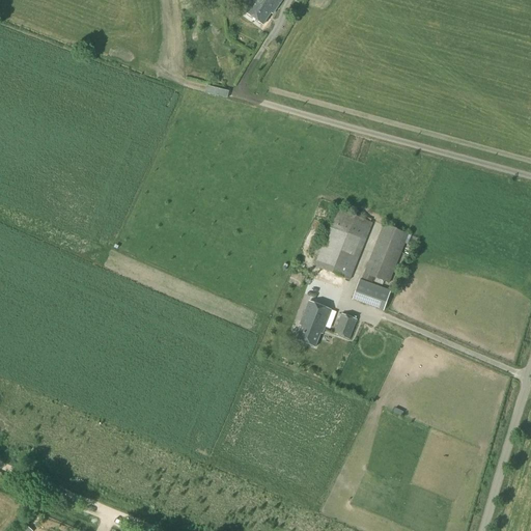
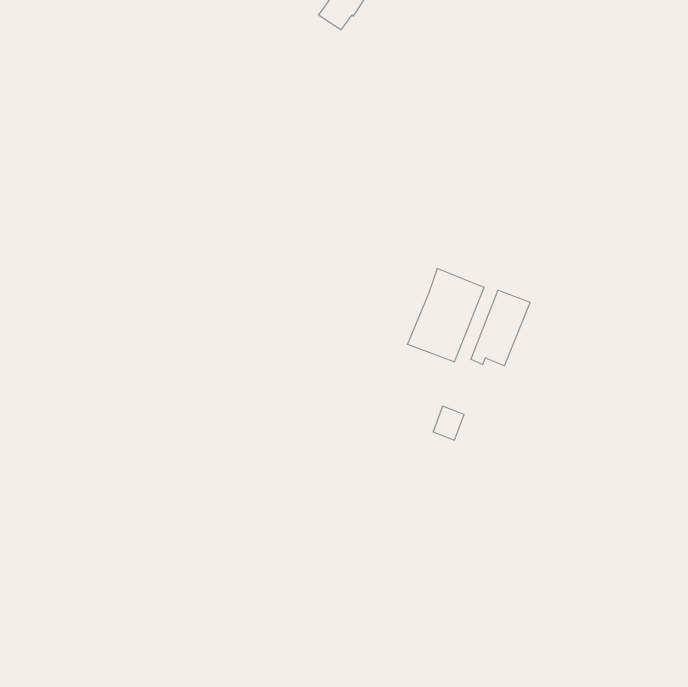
building: [353,277,392,310] -> none
building: [296,300,332,345] -> none

